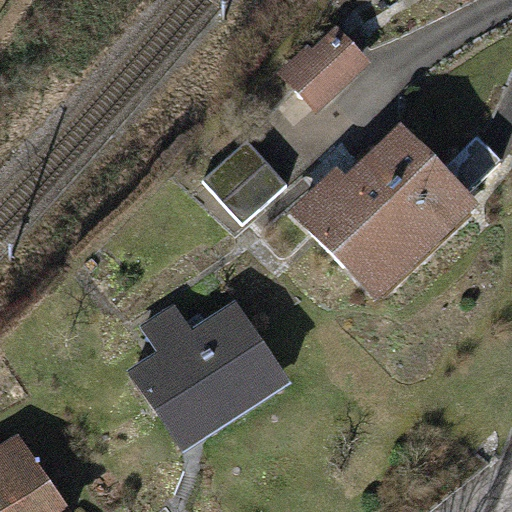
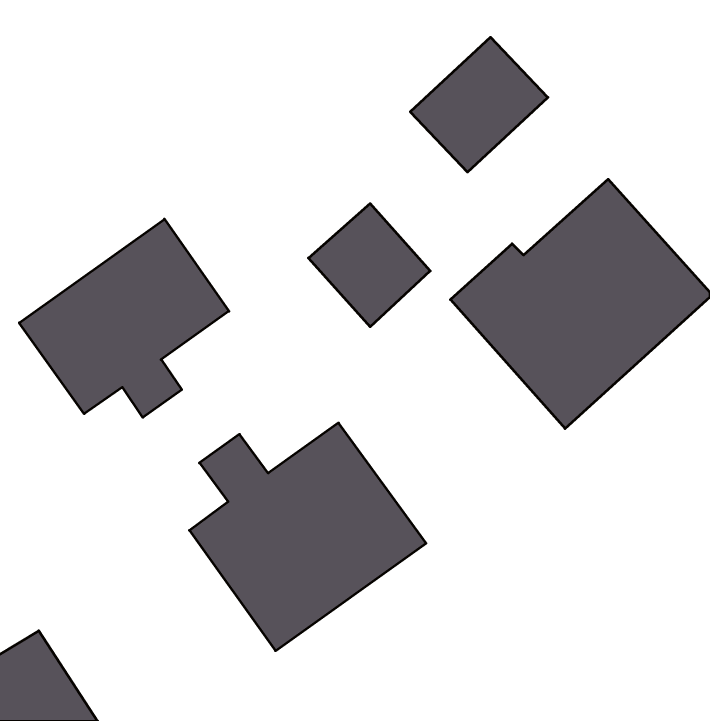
building: none -> [19,219,229,417]

